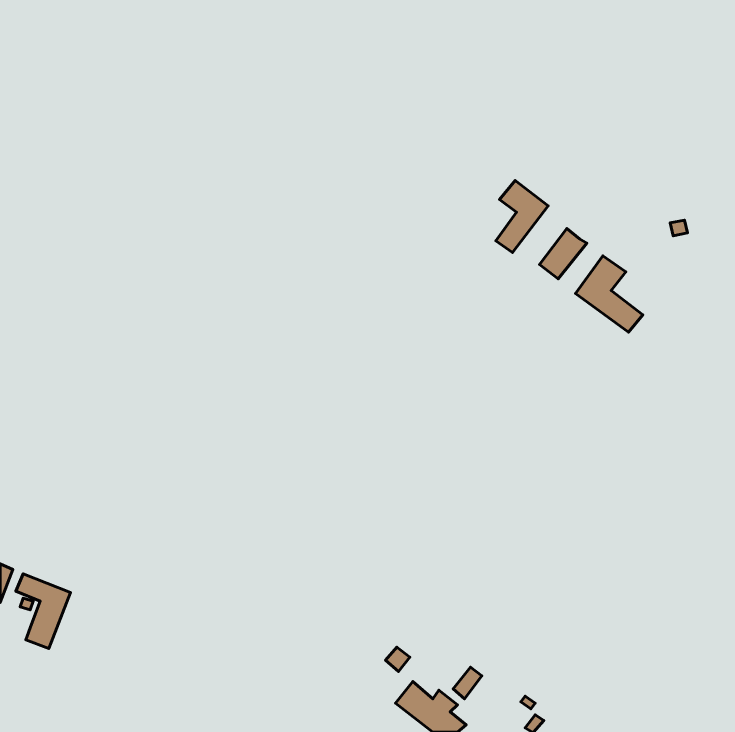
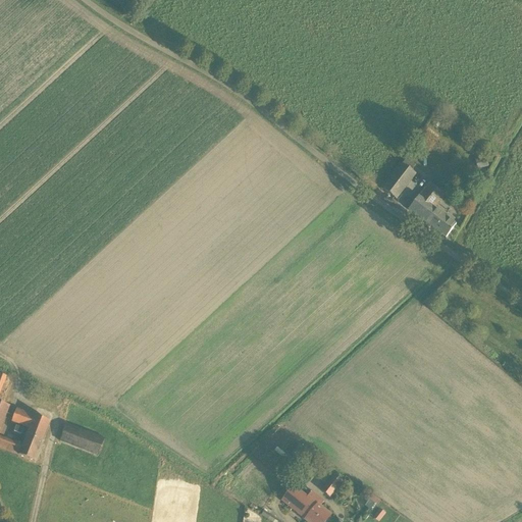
building: [496,180,548,252] -> none
building: none -> [59,421,105,455]

